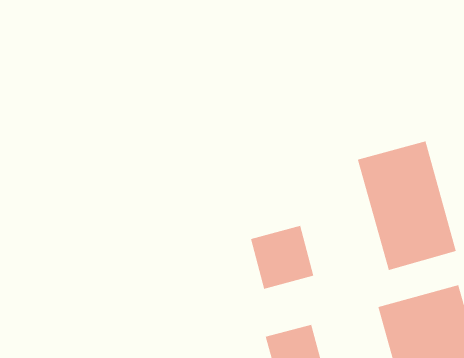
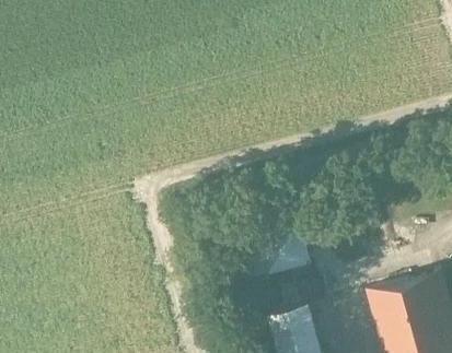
building: [357,141,456,271] -> none

